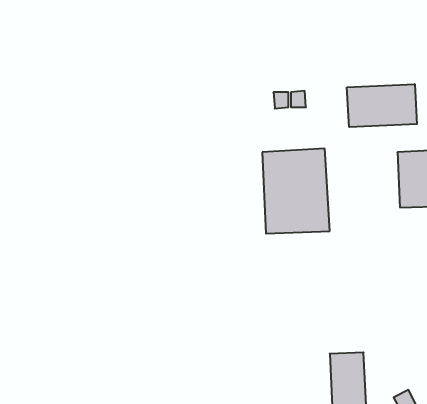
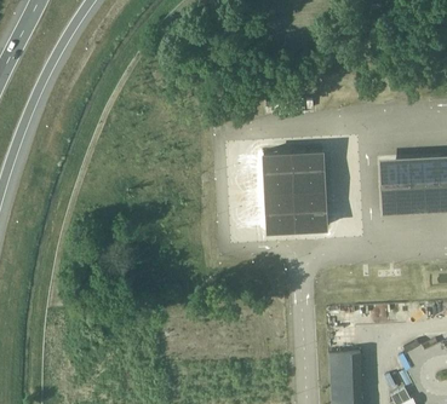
building: [347,84,417,127] -> none

